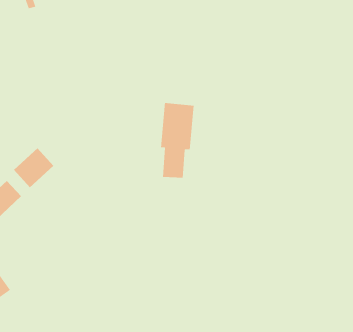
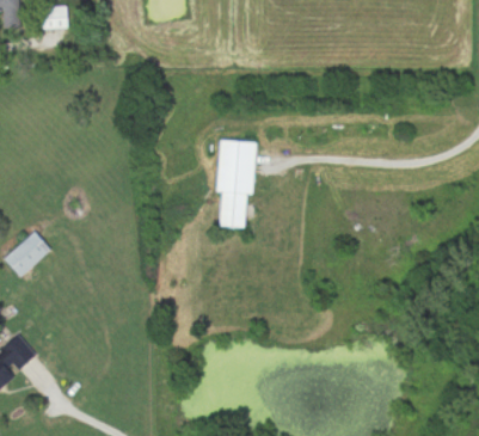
building: [13,147,54,188] -> none

